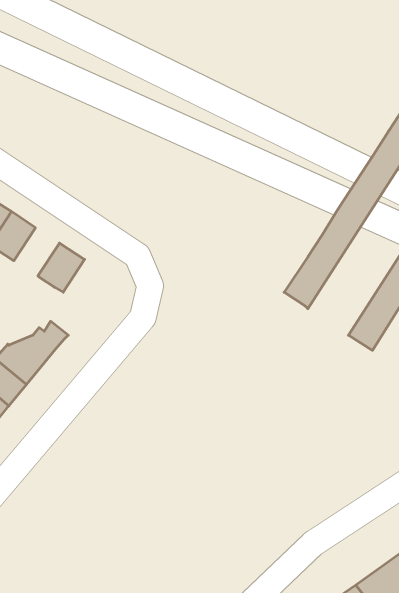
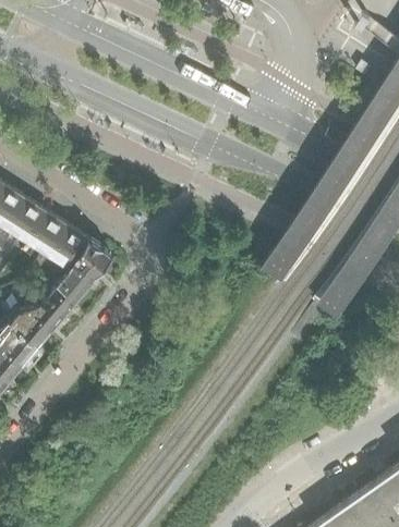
building: none -> [28,211,68,272]
building: none -> [48,238,114,304]

